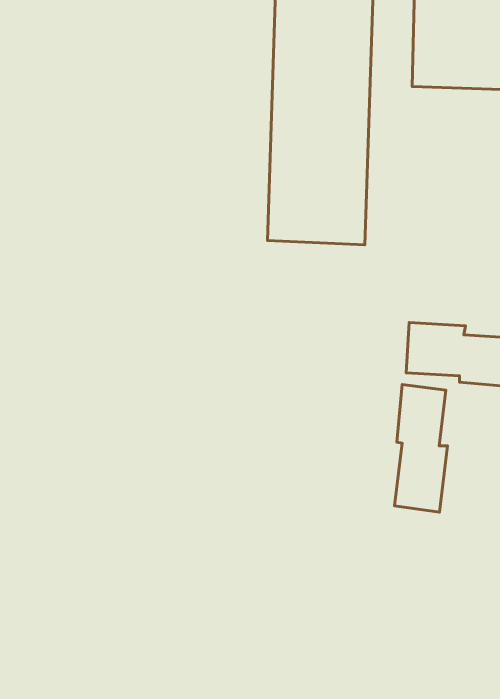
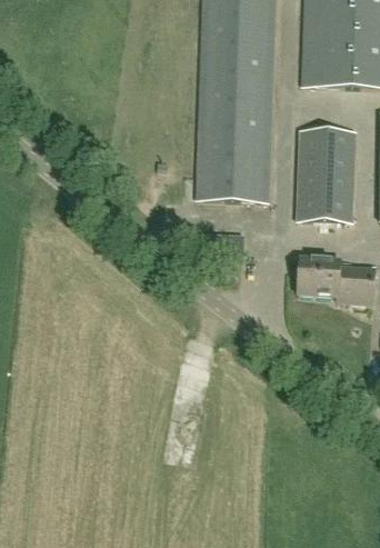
building: none -> [300,114,349,227]
building: [394,384,448,512] -> none

